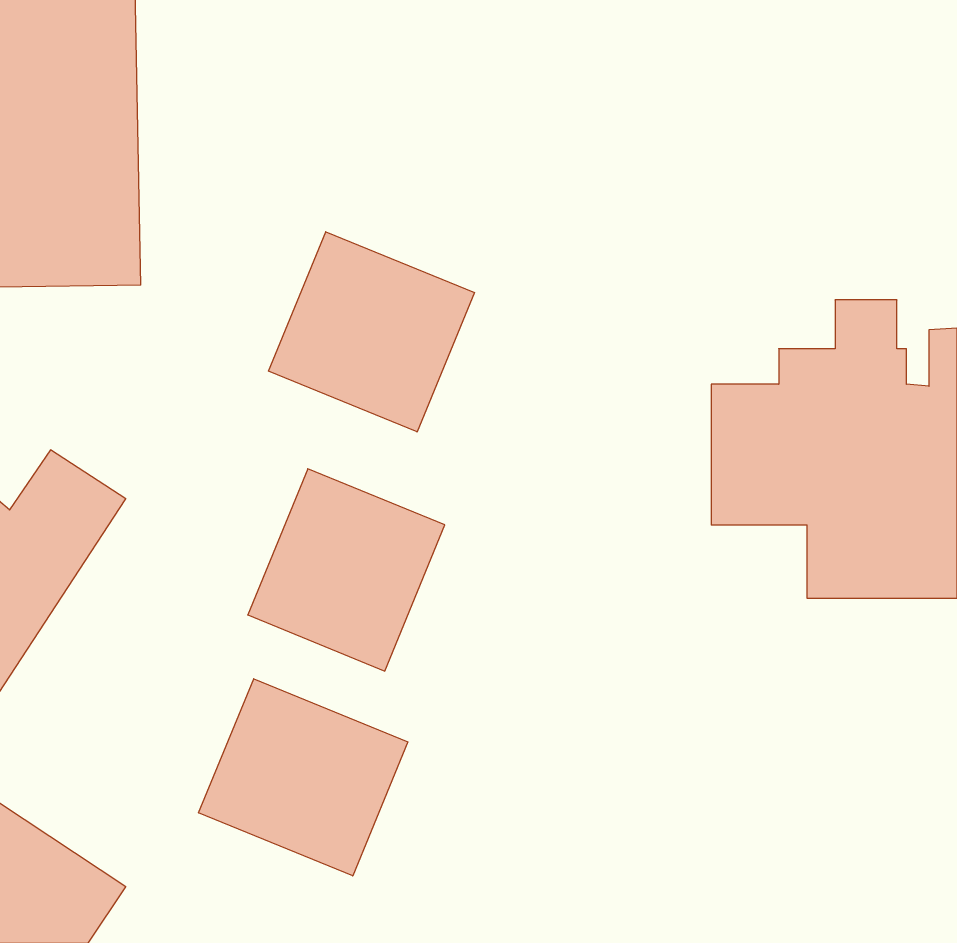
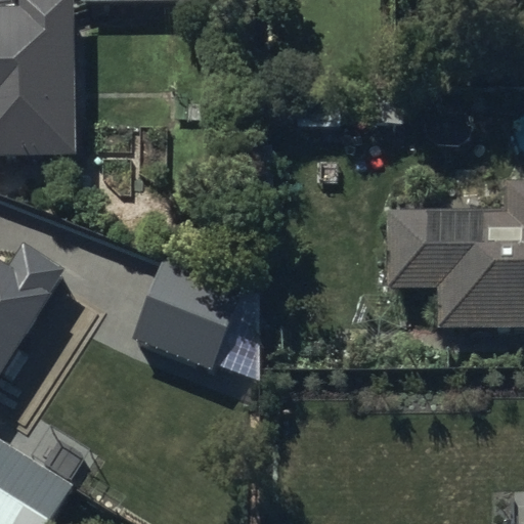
building: [269,232,474,432] -> none
building: [199,679,408,876] -> none

